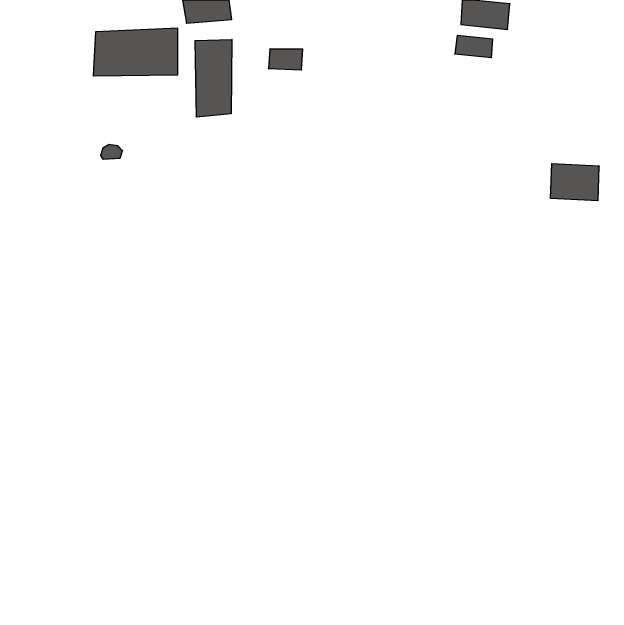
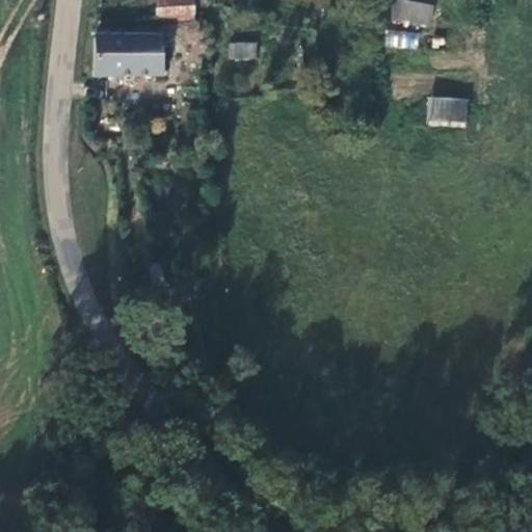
building: [195,39,232,117] -> none
building: [550,164,599,201] -> [428,97,470,128]

